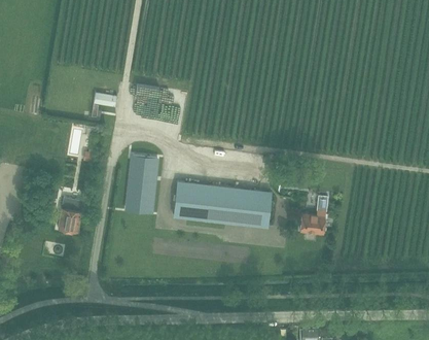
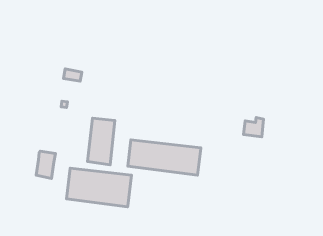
building: [299,209,325,234] -> [243,118,264,137]
building: none -> [66,168,131,207]

